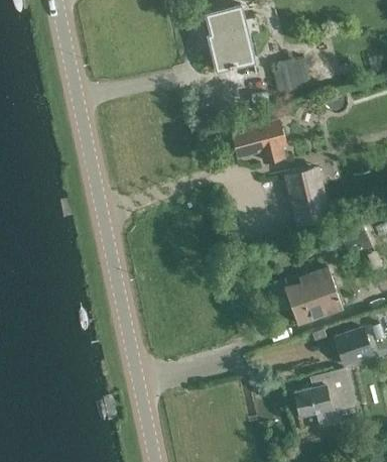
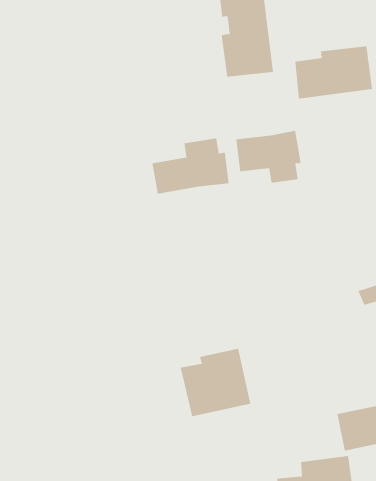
building: none -> [152,137,229,195]
building: [284,168,324,226] -> none
building: [283,267,342,325] -> [180,348,251,417]

